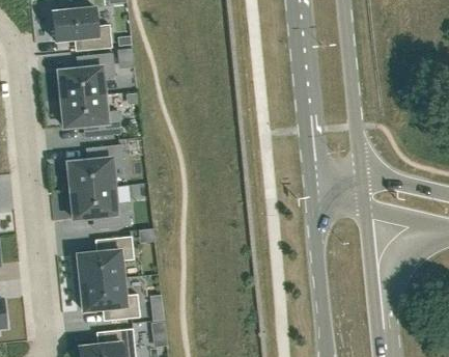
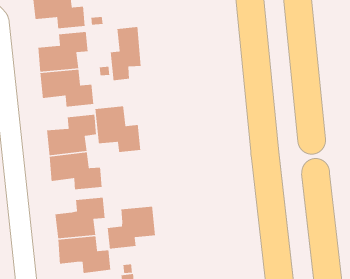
building: none -> [110,26,142,81]
building: none -> [94,106,141,153]
building: none -> [107,206,156,249]

